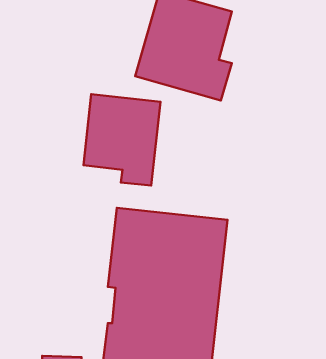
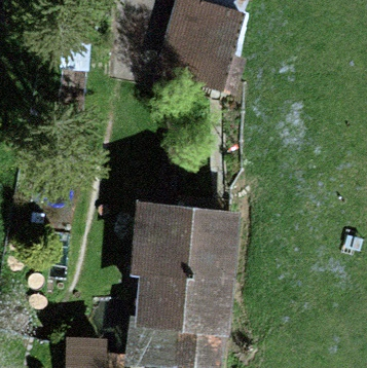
building: [84,94,161,186] -> none

